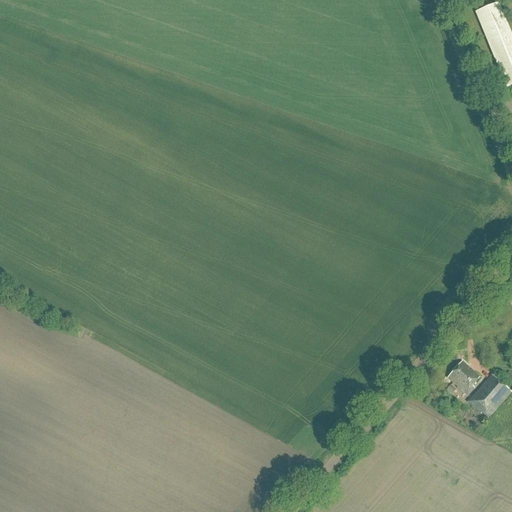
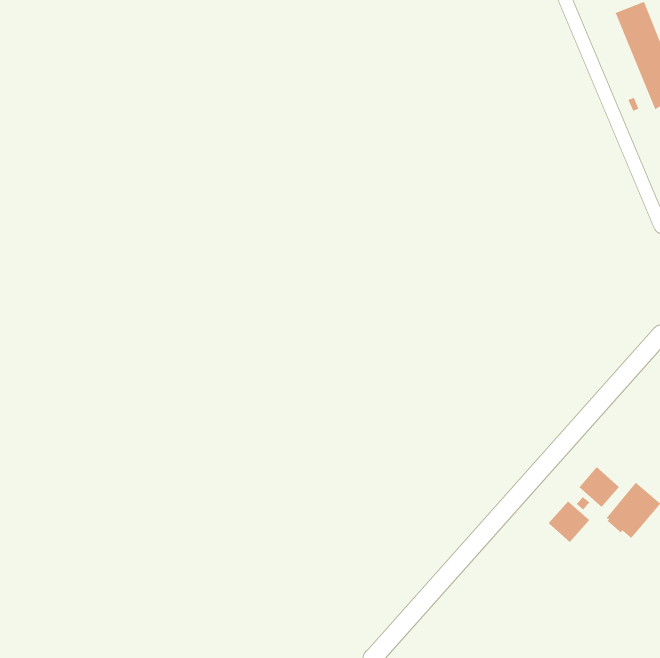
building: none -> [548,500,590,543]

